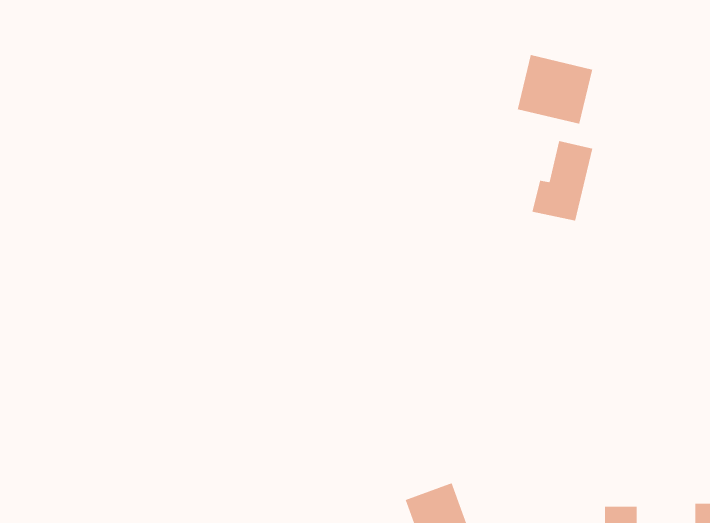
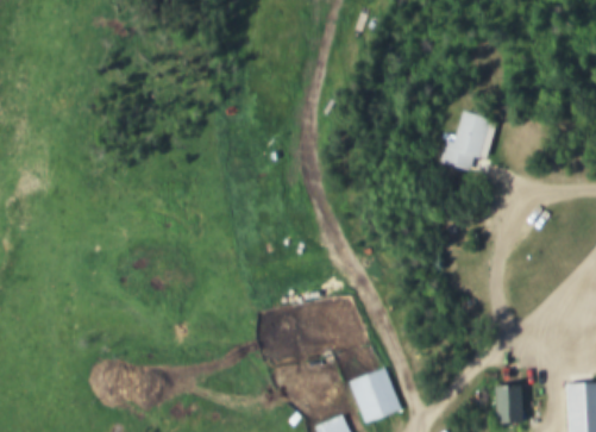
building: [517,54,593,125] -> none

